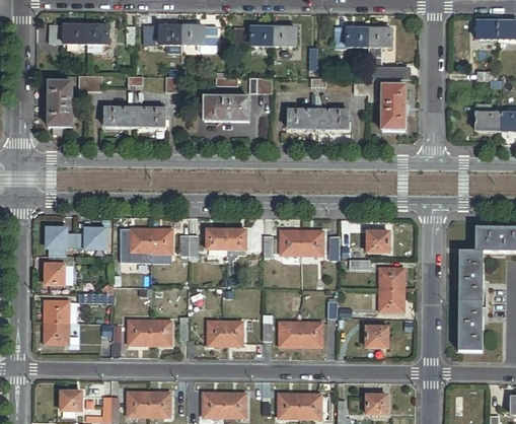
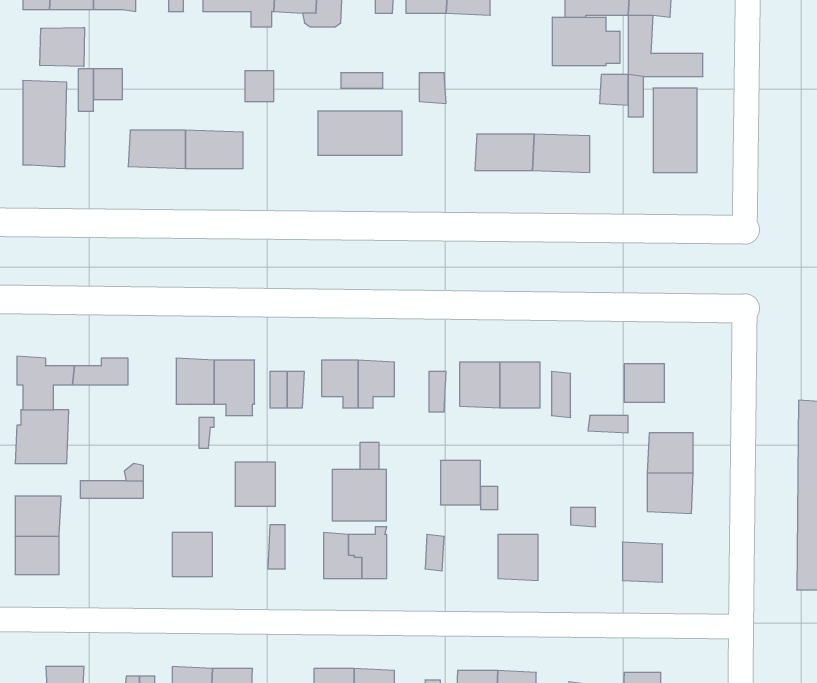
building: none -> [553,17,620,66]
building: none -> [40,28,85,67]
building: none -> [332,469,386,521]
building: [149,321,170,344] -> [235,462,275,506]
building: [279,322,300,345] -> [440,461,481,505]

